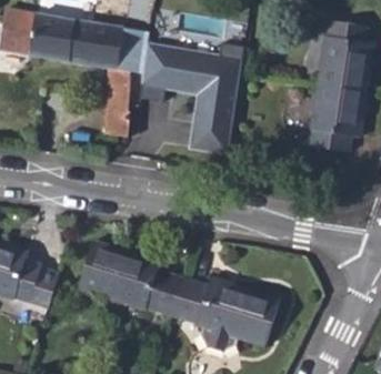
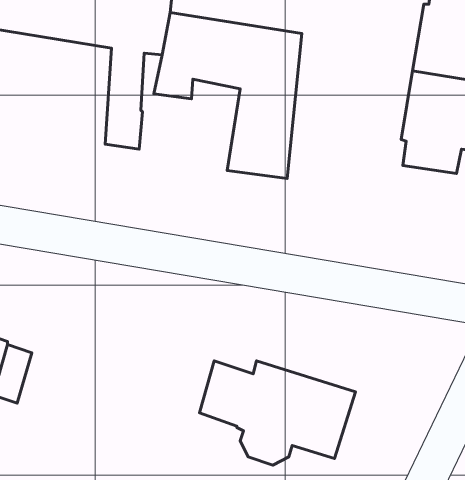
building: [76,243,180,314] -> none

